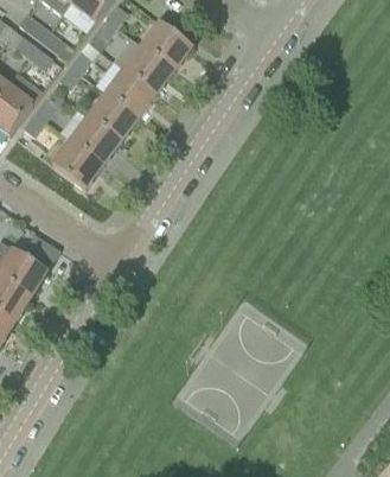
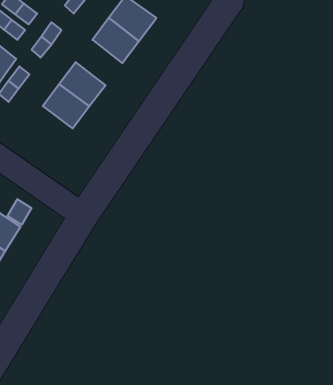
building: [106,69,155,117] -> none
building: [52,140,102,189] -> none

